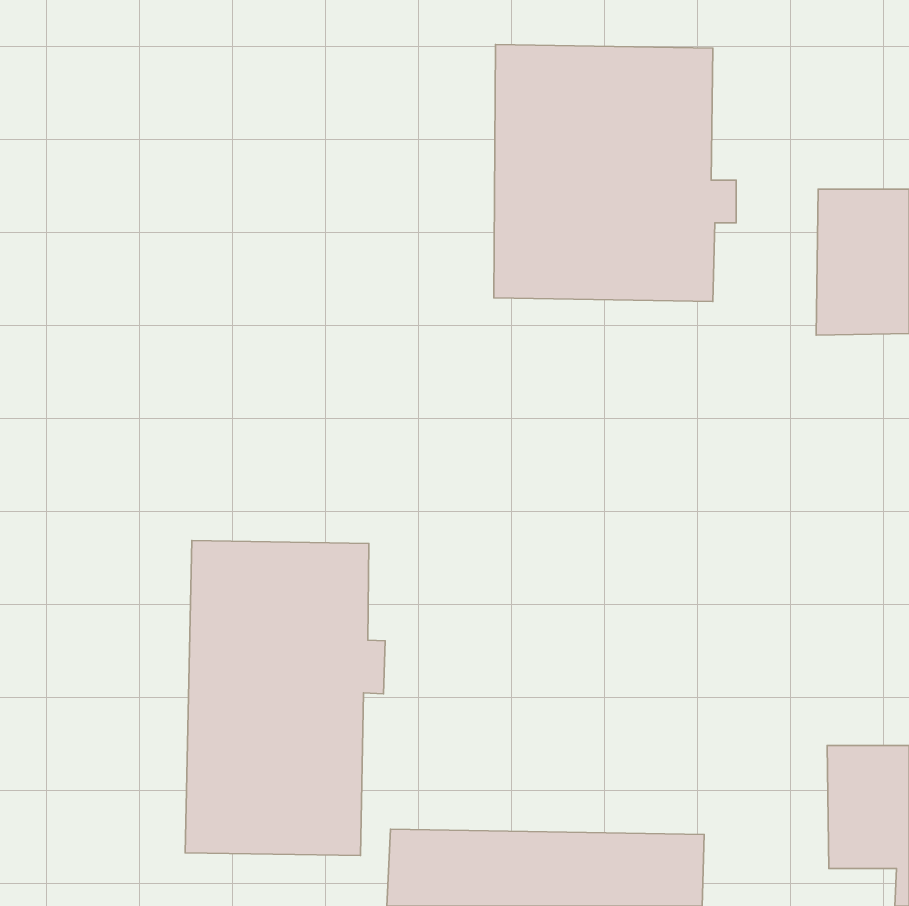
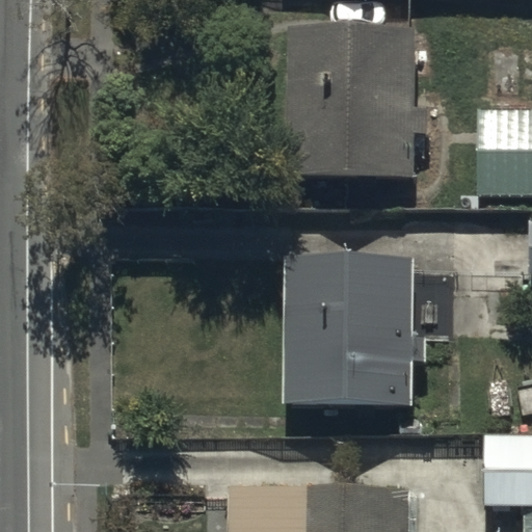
building: none -> [284,252,425,407]
building: [185,541,385,856] -> none

